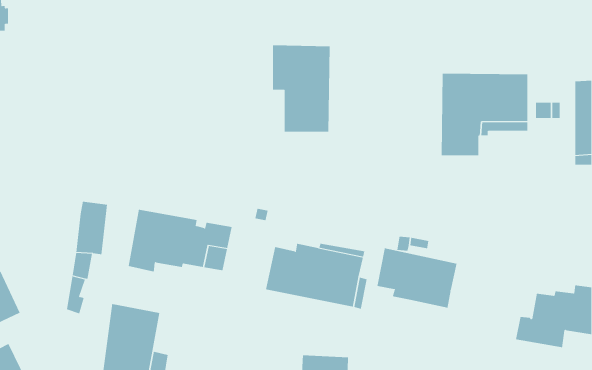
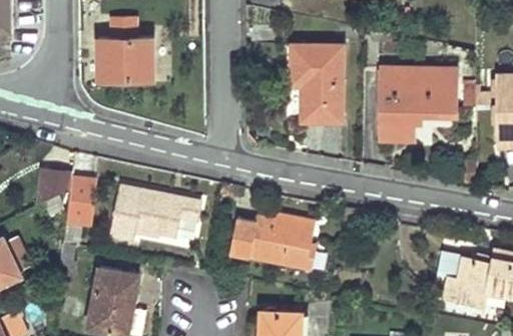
building: none -> [97,19,152,79]
building: [272,45,330,132] -> [292,45,342,120]
building: none -> [36,171,71,206]
building: [377,247,457,308] -> none

